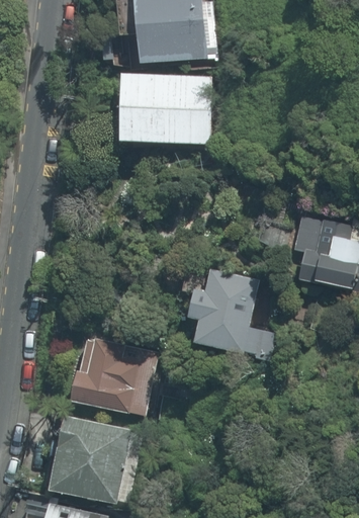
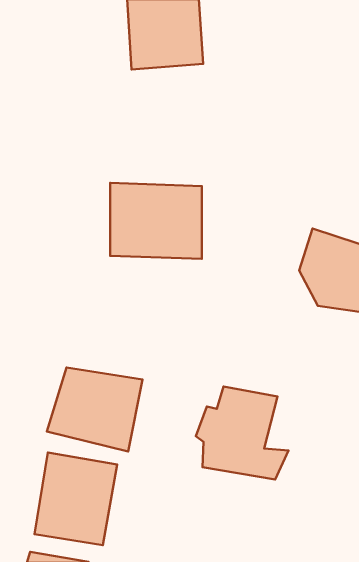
building: [122,77,206,147] -> [110,183,202,259]
building: [187,270,272,355] -> [196,387,288,479]

